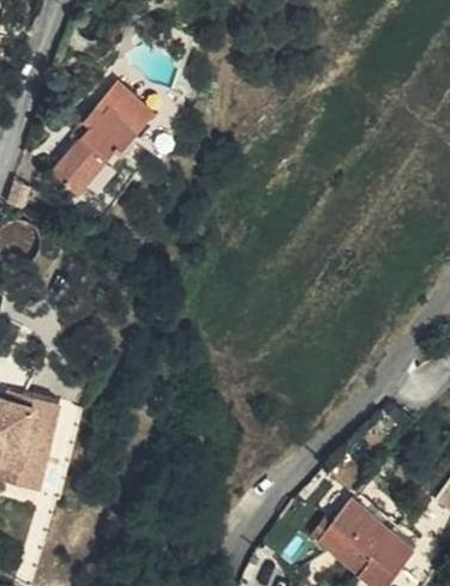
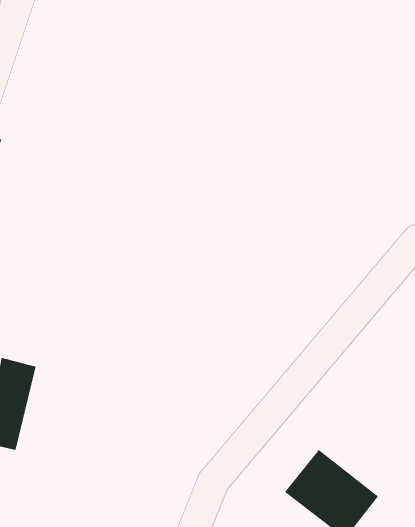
building: [49,79,150,187] -> none

